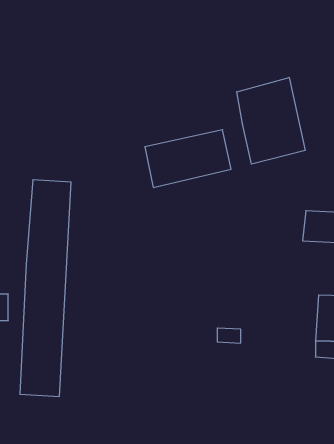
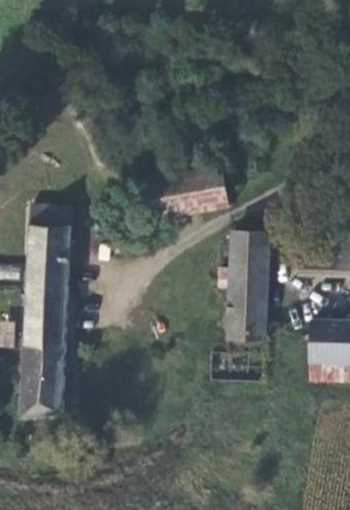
building: [237,77,305,164] -> none
building: none -> [219,227,267,338]

